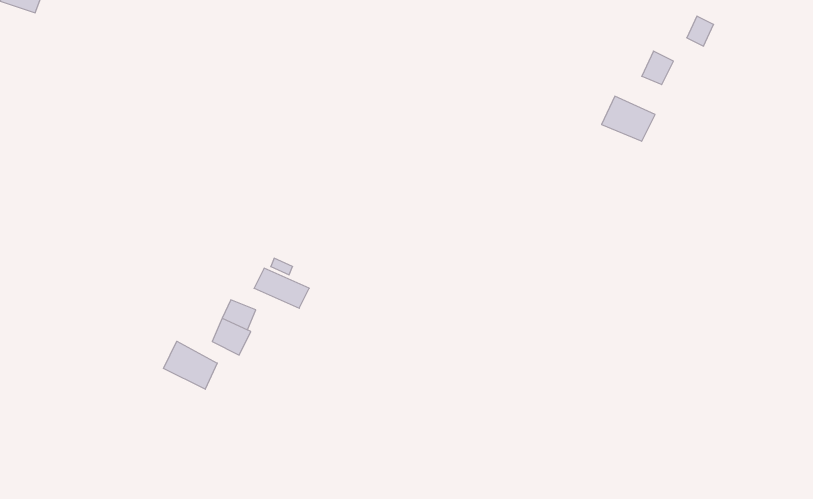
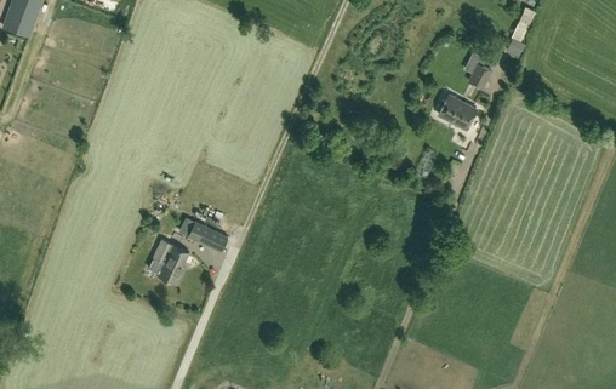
building: [164,341,217,389] -> none

